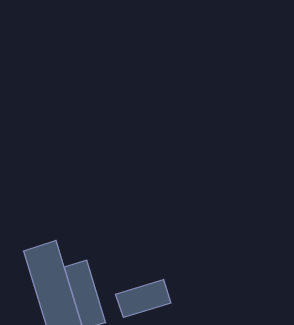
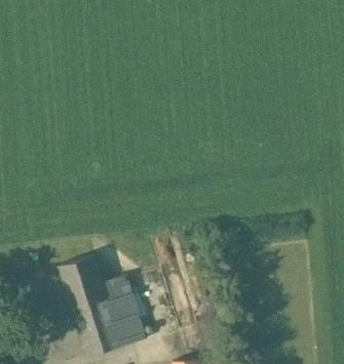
building: [116,279,171,317] -> none

